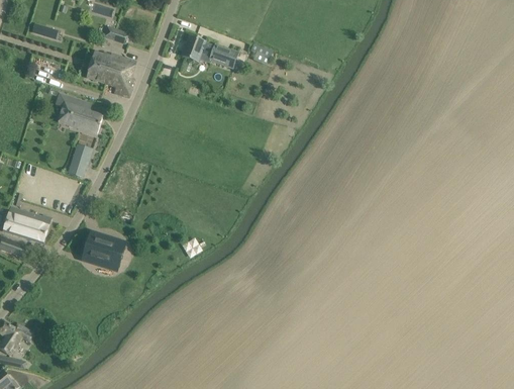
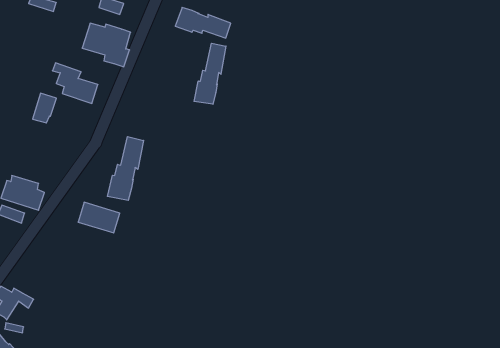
building: none -> [194,43,226,104]
building: [67,147,91,177] -> [33,93,56,123]
building: none -> [107,137,144,200]

